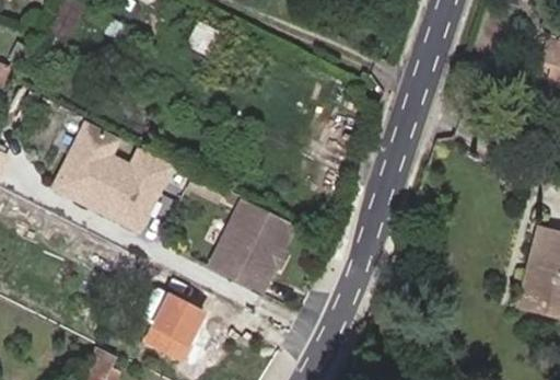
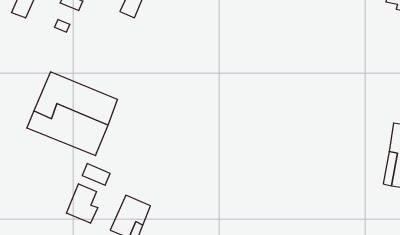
building: [210,198,295,292] -> none
building: none -> [67,184,98,223]

